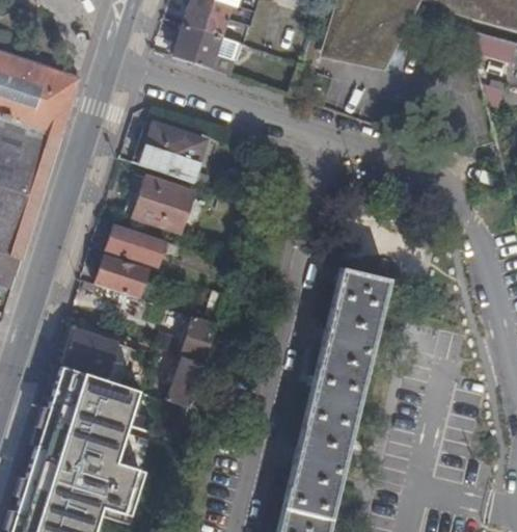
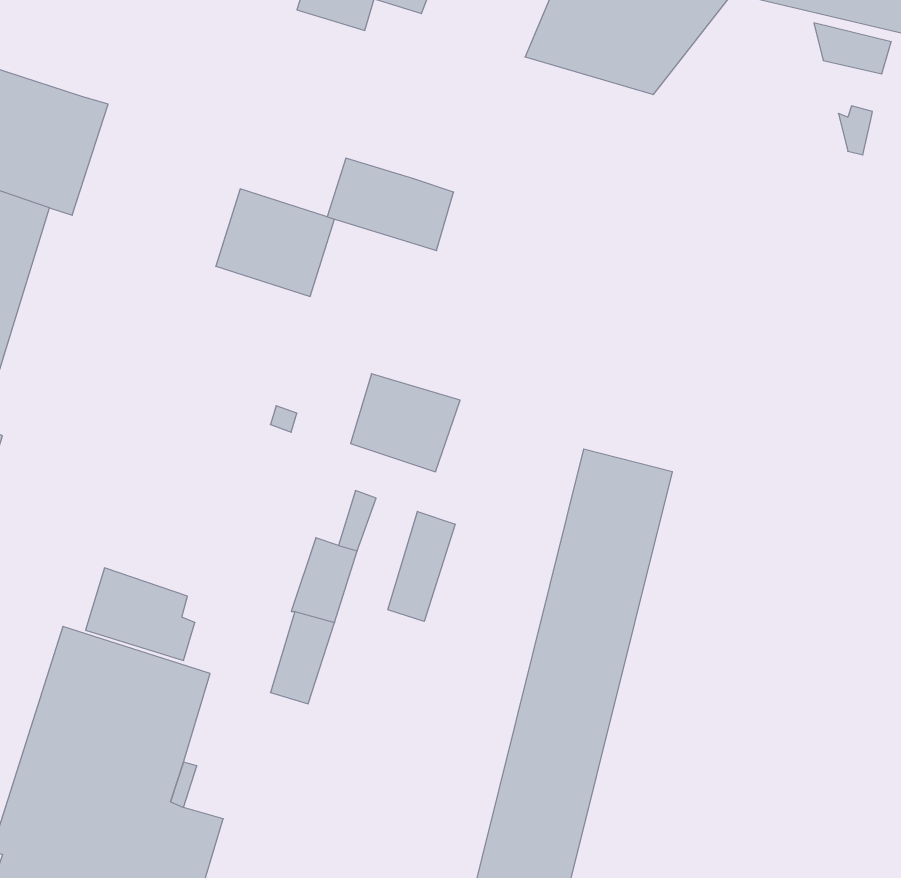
building: [173,23,243,74] -> [327,158,454,251]
building: [133,177,193,231] -> [351,374,460,472]
building: [107,223,165,264] -> none
building: [97,254,147,296] -> none
building: none -> [388,511,455,621]

